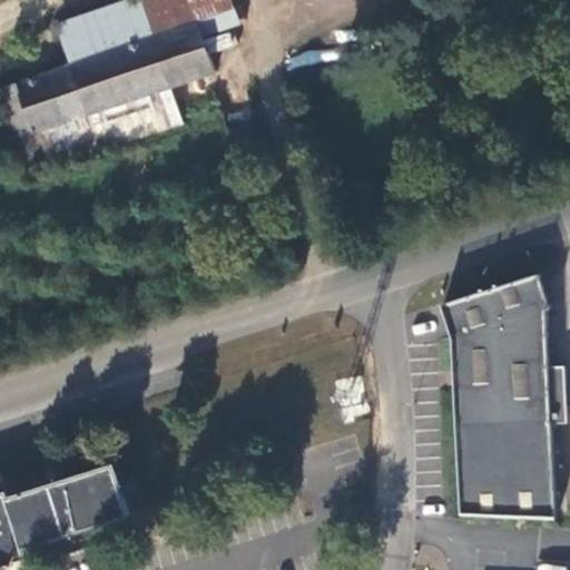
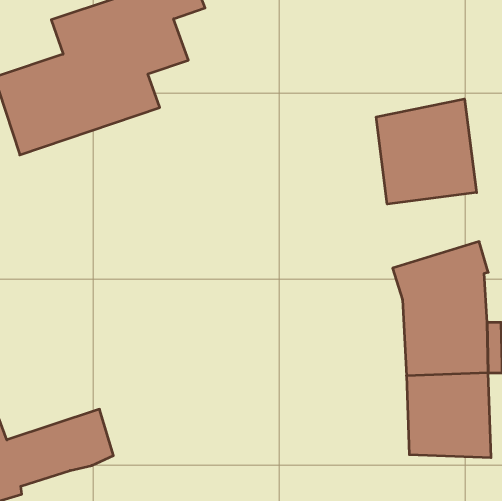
building: none -> [376,99,477,204]

